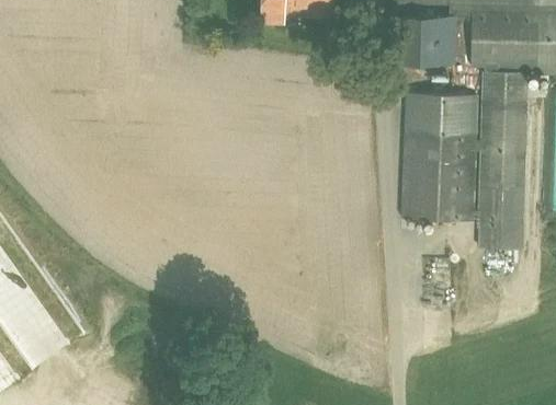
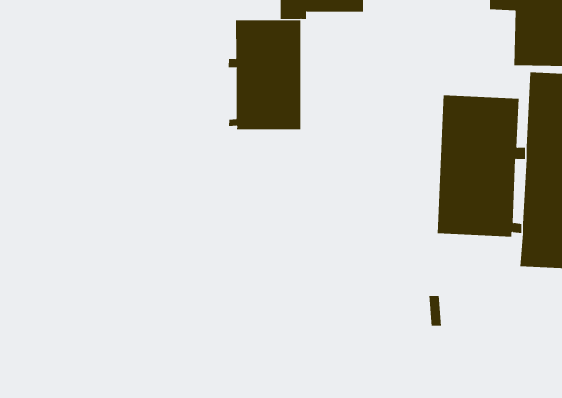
building: [405,15,456,65] -> none
building: none -> [228,19,301,130]

